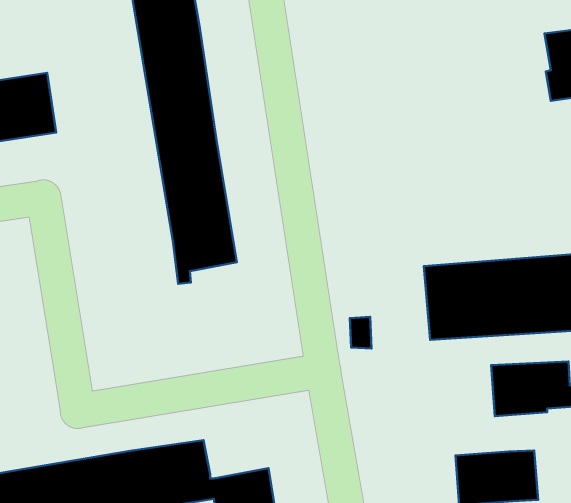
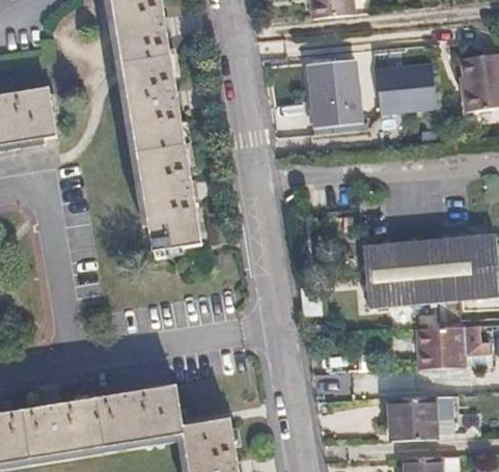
building: none -> [302,59,355,127]
building: none -> [371,63,432,116]

